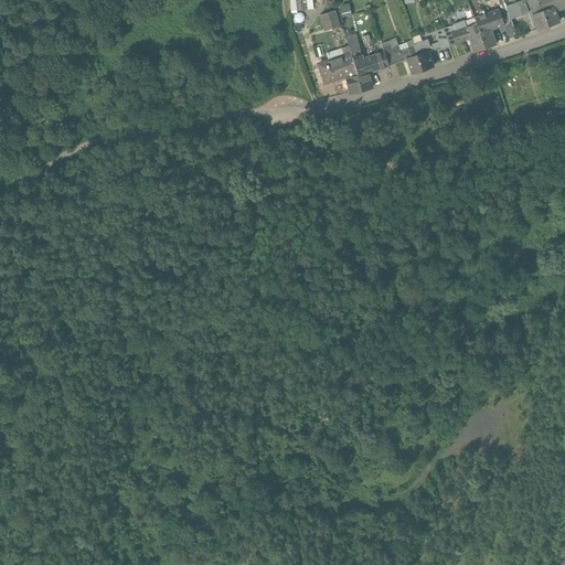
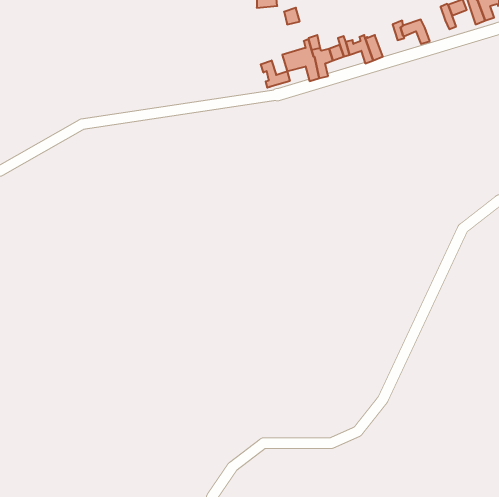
building: [475,8,503,46] -> none
building: none -> [261,60,290,88]

